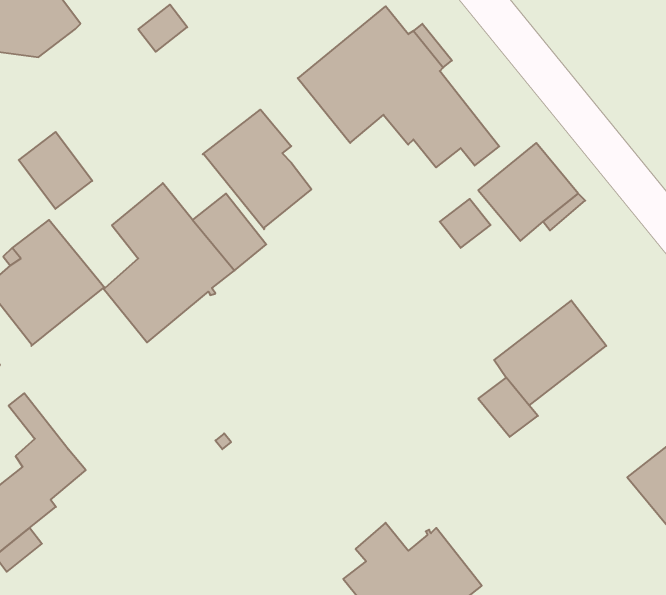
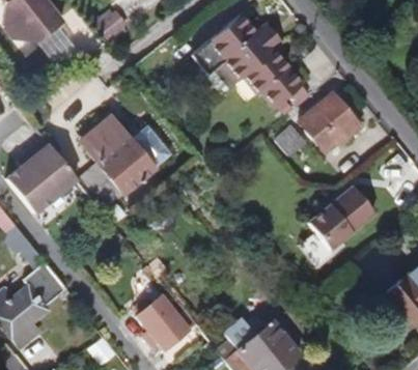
building: [203,110,311,229] -> none
building: [19,132,92,209] -> [38,26,82,72]
building: none -> [135,296,196,349]

